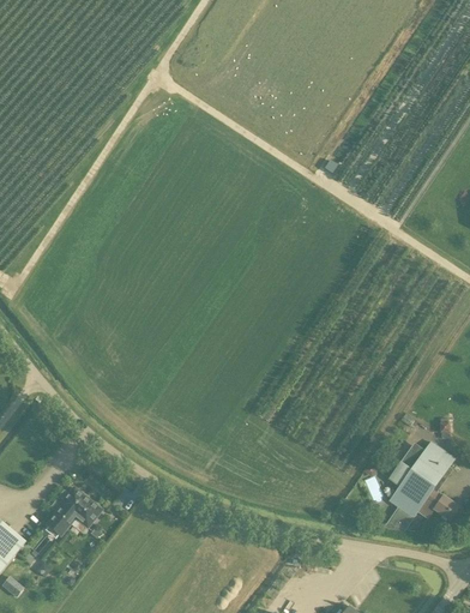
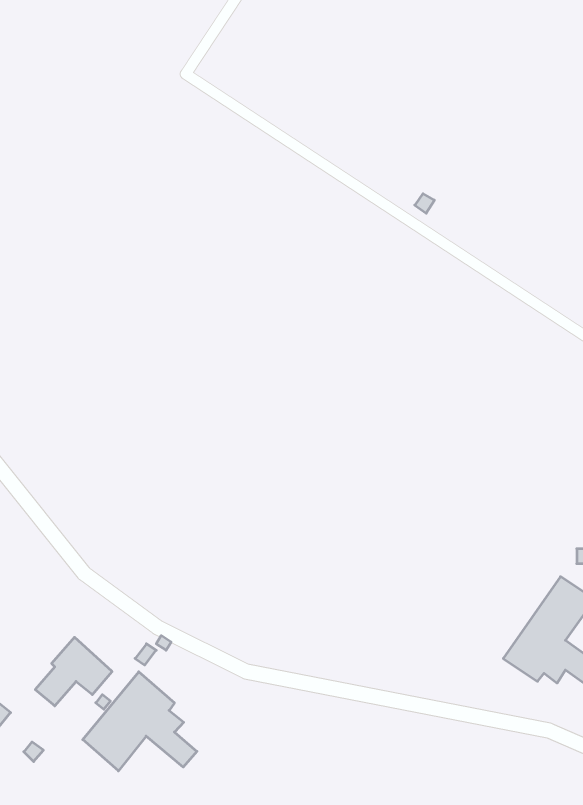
building: none -> [83,672,197,771]

